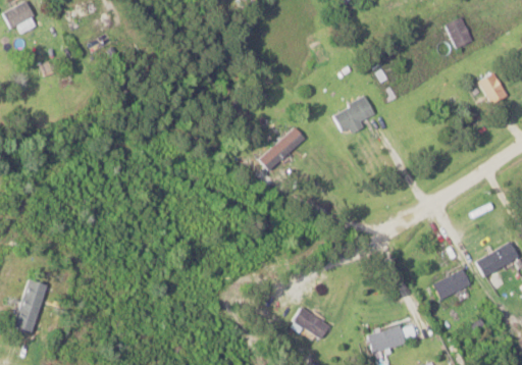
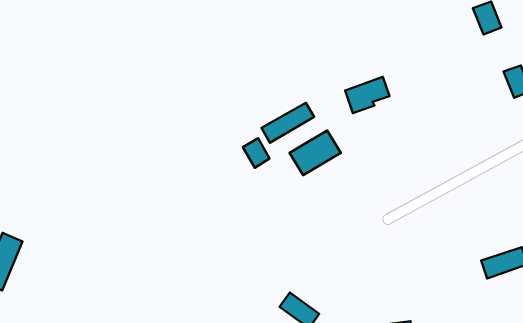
building: none -> [290,131,341,175]
building: none -> [243,138,270,168]
building: [433,269,471,299] -> none

